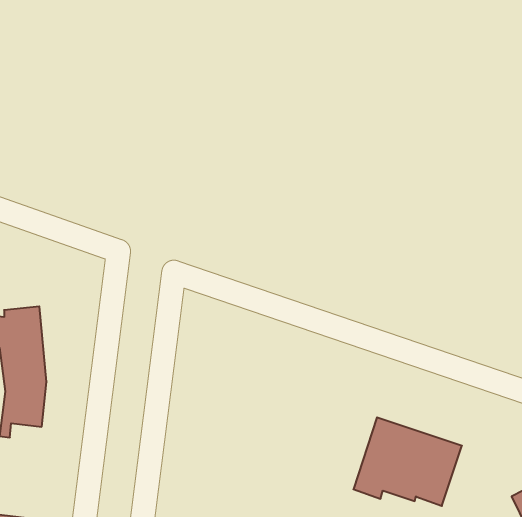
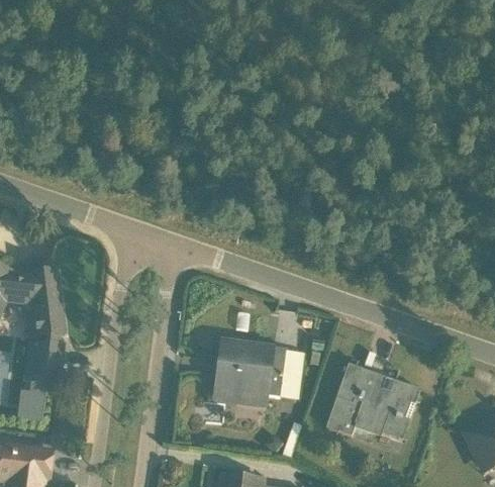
building: none -> [211,339,304,407]

